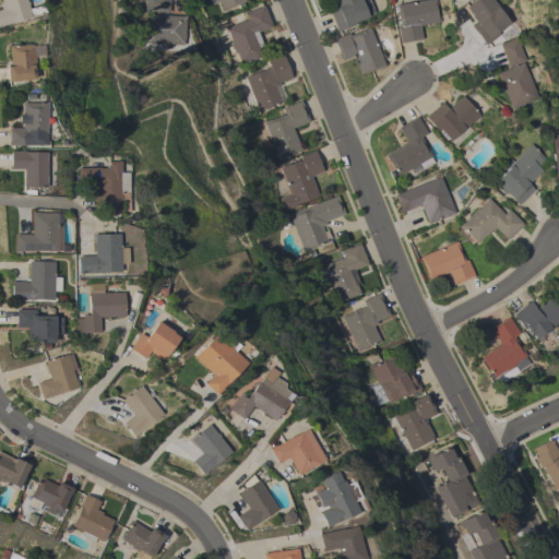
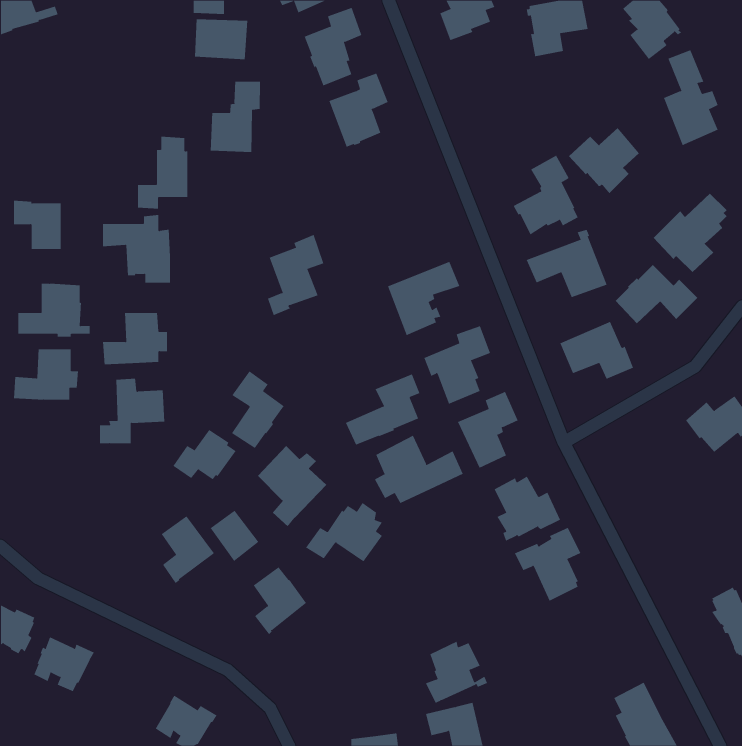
building: [336,27,386,74] -> none
building: [9,44,44,85] -> none
building: none -> [210,81,261,153]
building: [11,92,49,146] -> [137,136,188,209]
building: [267,100,311,158] -> none
building: [283,150,325,211] -> [267,234,324,316]
building: none -> [231,371,284,449]
building: none -> [345,374,420,446]
building: [19,309,64,348] -> none
building: [481,316,527,384] -> none
building: none -> [374,435,464,504]
building: [38,353,80,399] -> none
building: none -> [210,510,259,562]
building: [272,428,325,475] -> none
building: [429,447,483,518] -> none
building: [239,474,280,530] -> none
building: [73,493,115,542] -> none

